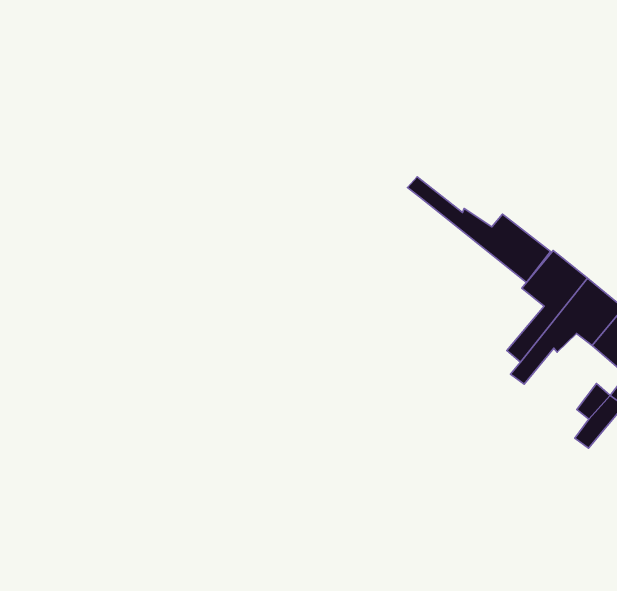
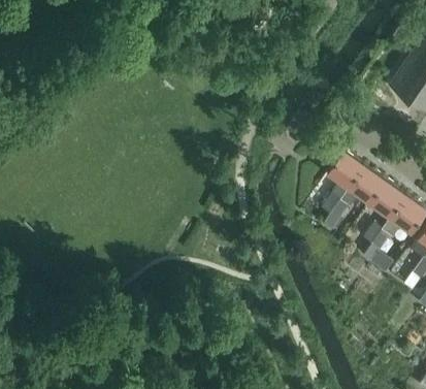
building: [407,177,551,283] -> none

